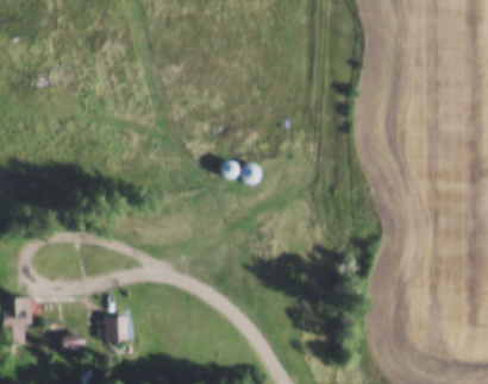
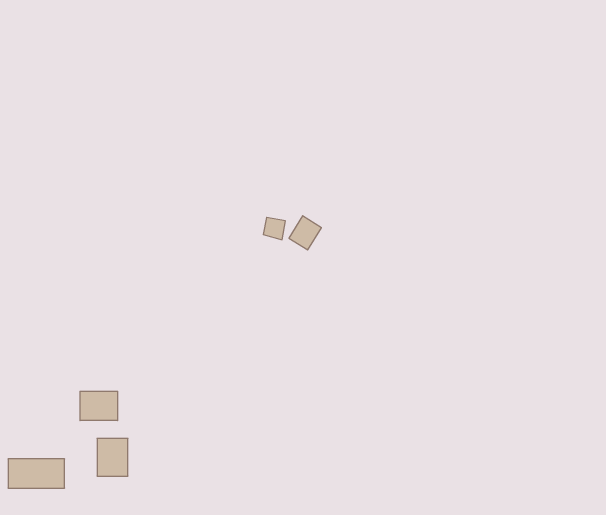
building: none -> [80,391,118,421]

